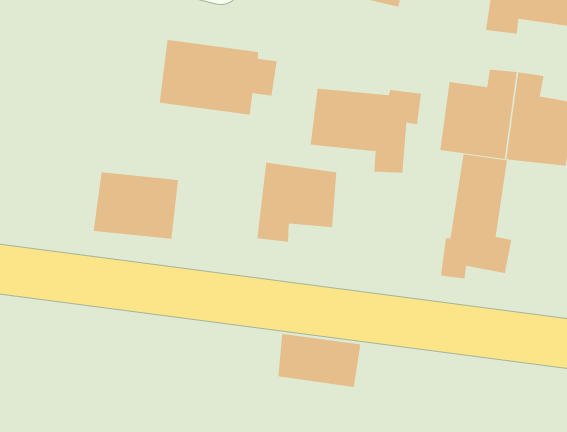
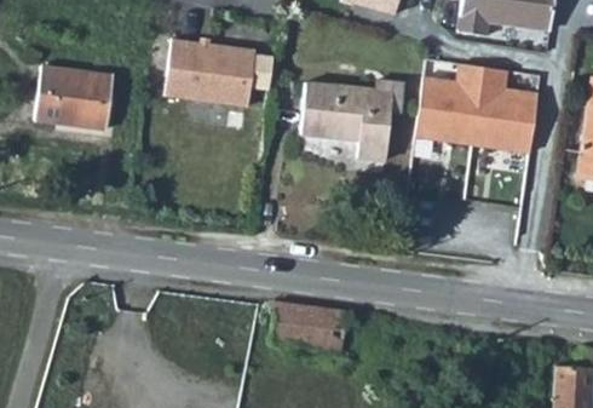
building: [440,154,512,279] -> none
building: [257,162,337,242] -> none
building: [93,172,179,239] -> [36,67,114,127]

